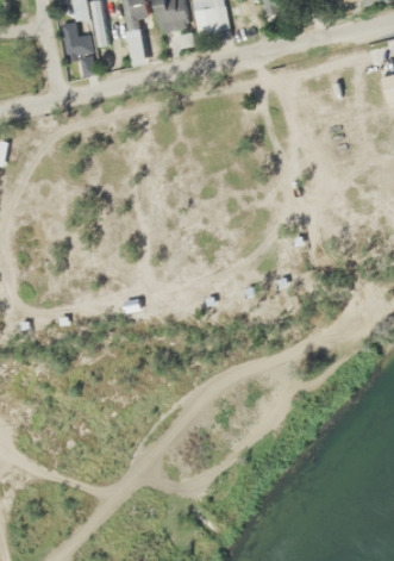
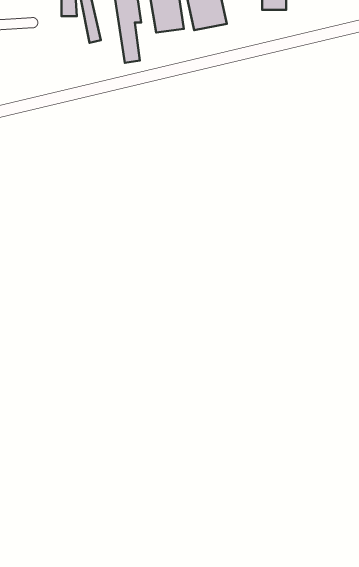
building: [65,32,95,73] -> none

